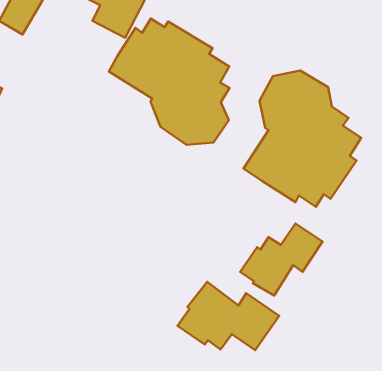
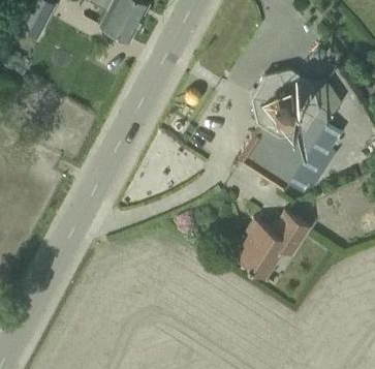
building: [109,18,230,145] -> none
building: [178,282,279,350] -> none

